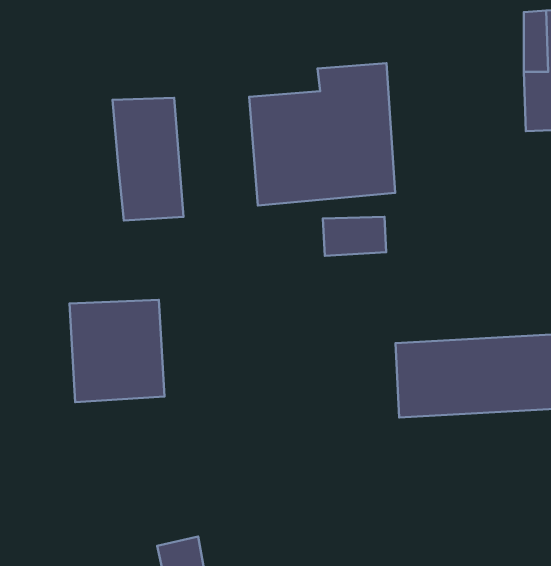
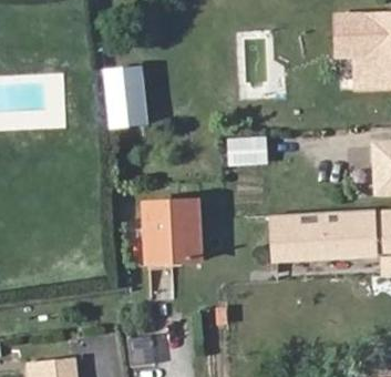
building: [249,63,395,205] -> none
building: [70,300,165,402] -> [144,203,200,264]

